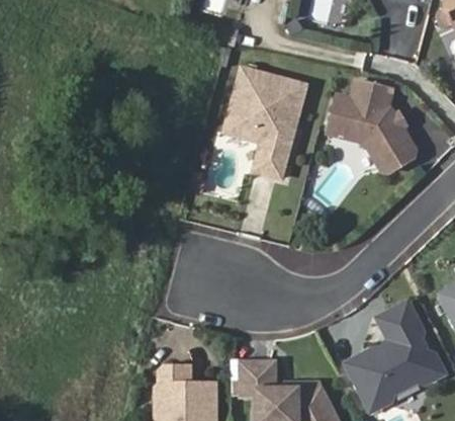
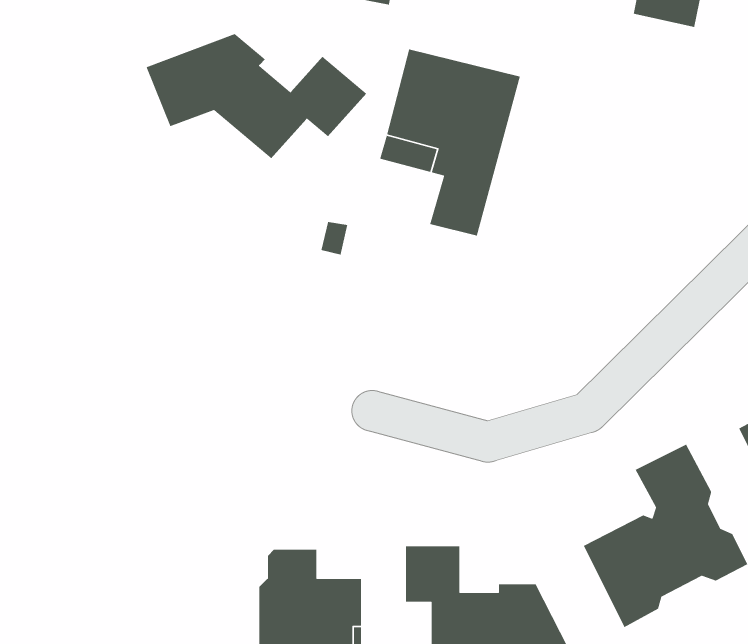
building: none -> [145,33,367,159]
building: [331,80,417,171] -> none

